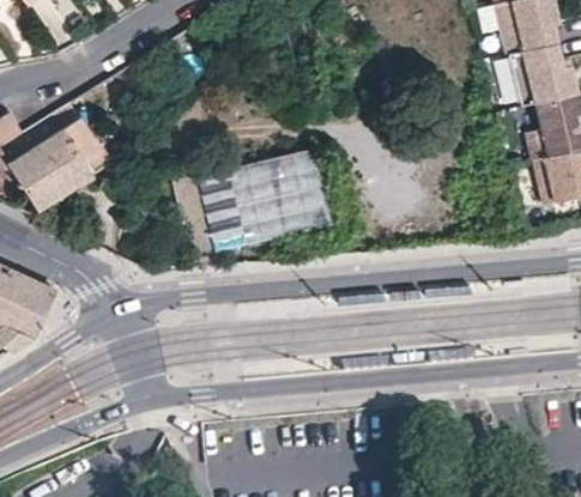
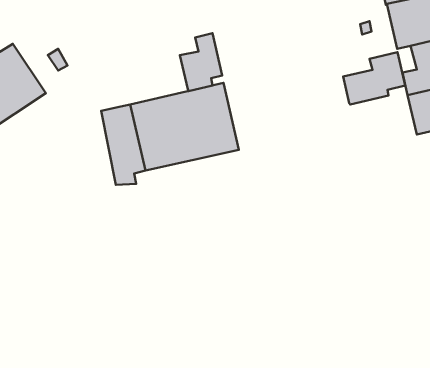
building: none -> [180,33,222,91]
building: none -> [343,52,405,105]

